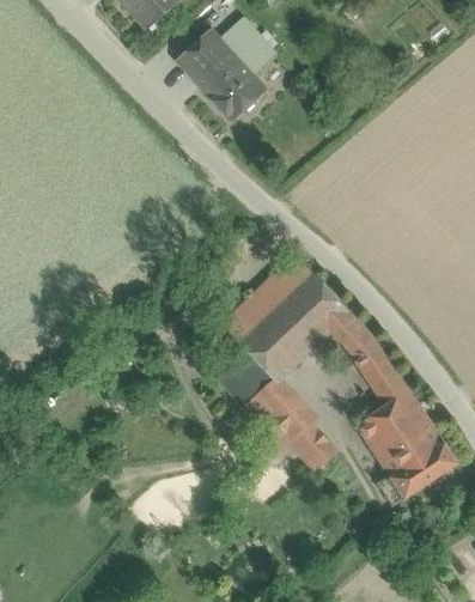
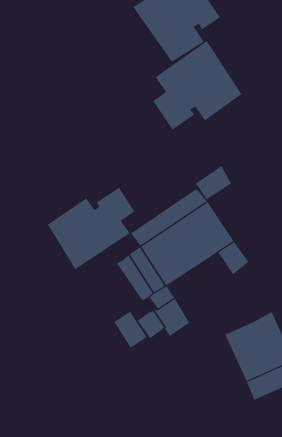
building: none -> [152,40,242,130]
building: none -> [195,165,232,200]
building: none -> [47,187,135,270]
building: [352,336,407,407] -> none
building: [291,424,334,468] -> [113,311,147,348]

